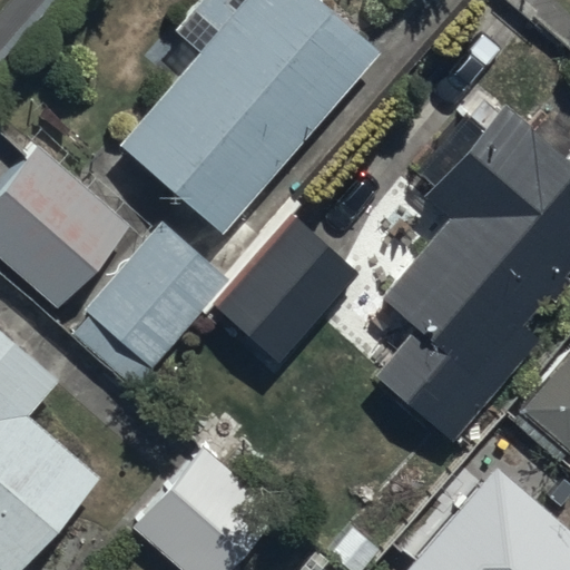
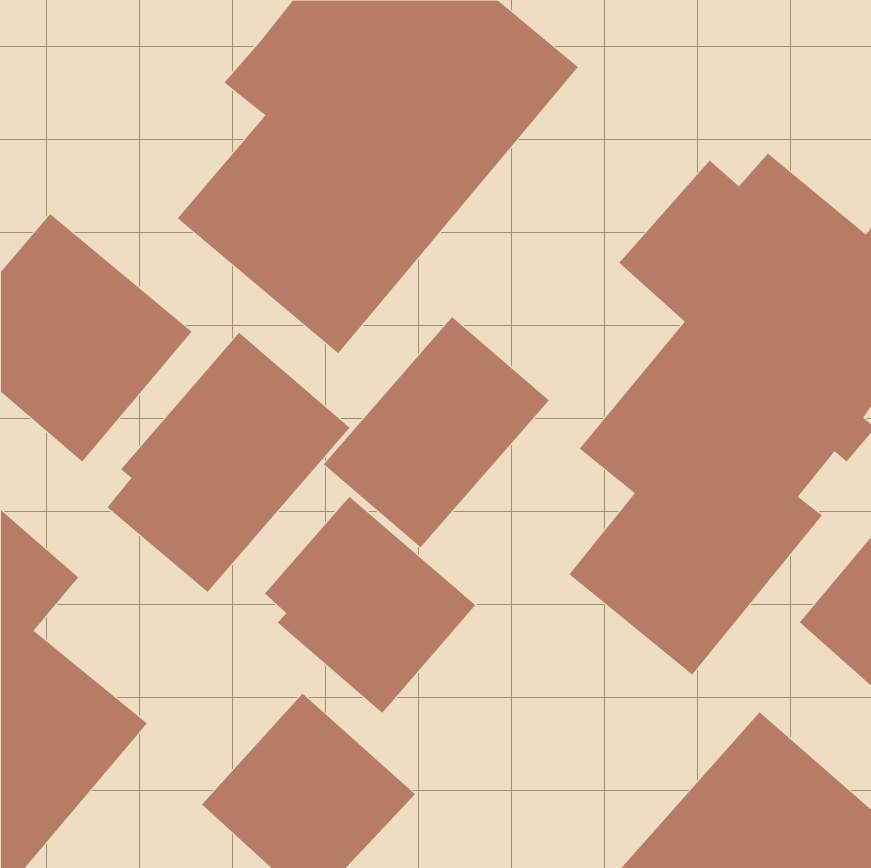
building: none -> [264,496,476,714]

